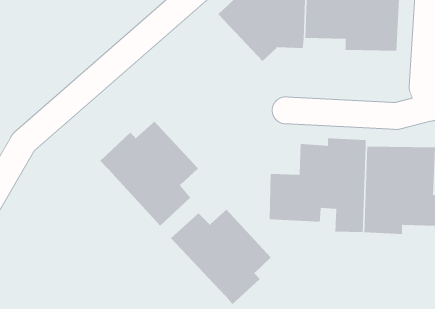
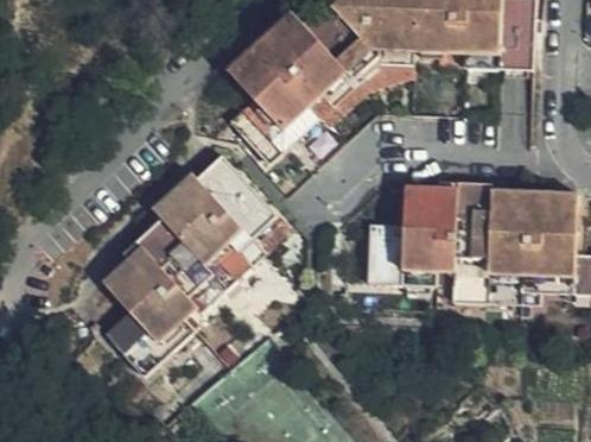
building: none -> [227,12,358,166]
building: none -> [104,220,229,381]
building: [170,209,272,305] -> none

